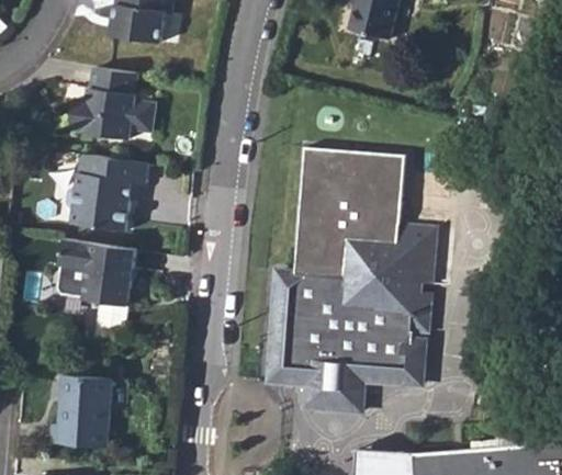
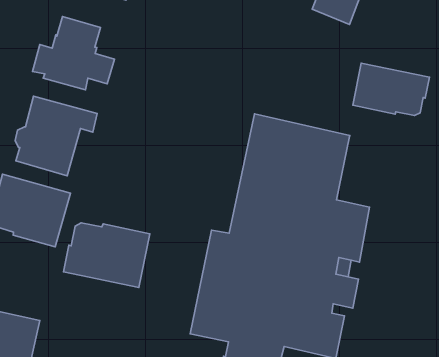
building: none -> [353,63,429,115]
building: none -> [64,223,150,287]

